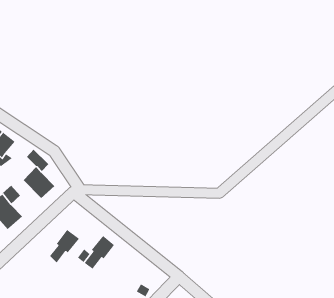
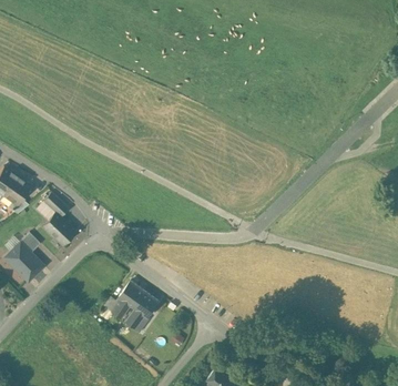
building: [49,229,80,263] -> [126,292,159,329]

